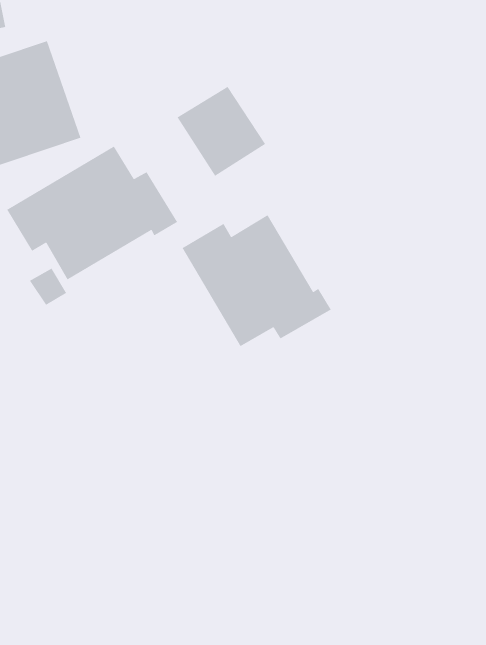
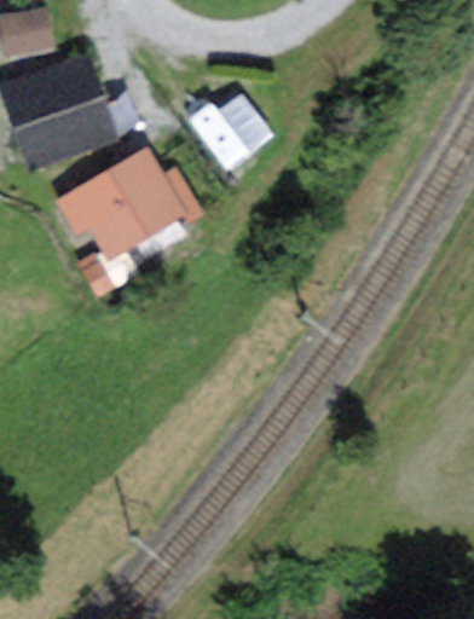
building: [181,214,332,347] -> none

